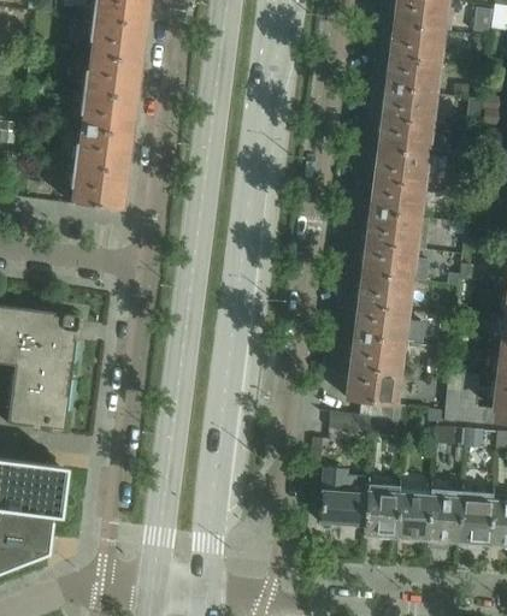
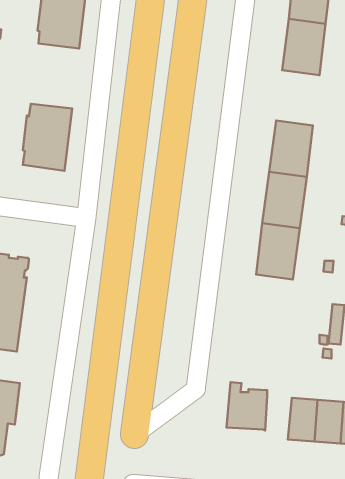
building: [79,54,140,134] -> none
building: [379,87,432,154] -> none
building: [329,336,405,431] -> none
building: [364,484,399,537] -> none

